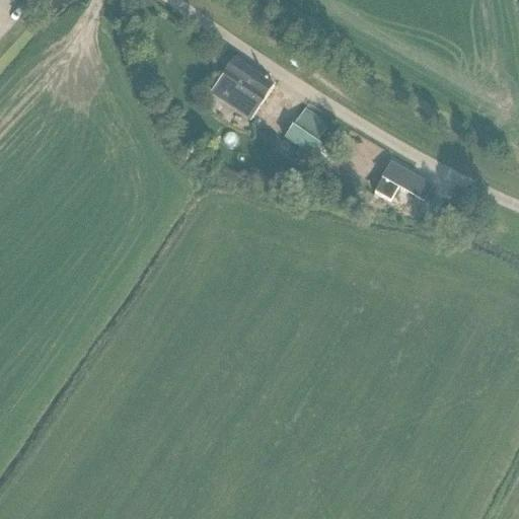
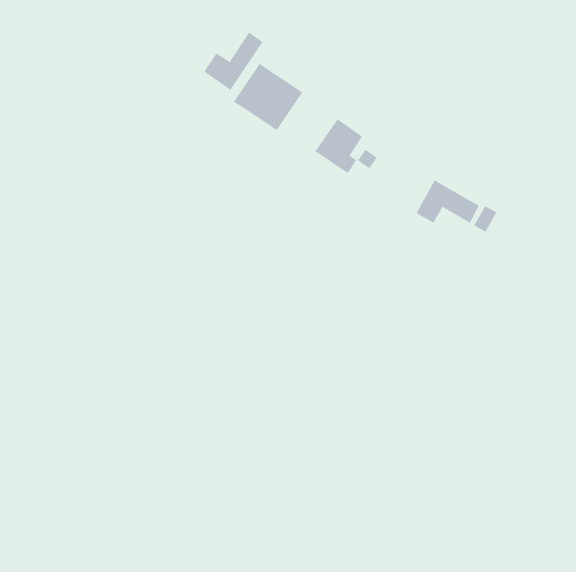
building: none -> [204,32,264,91]

